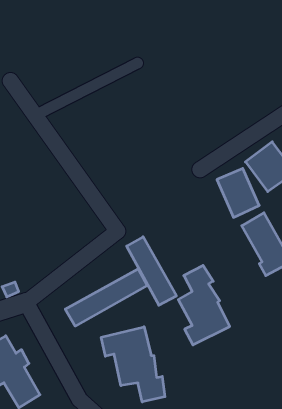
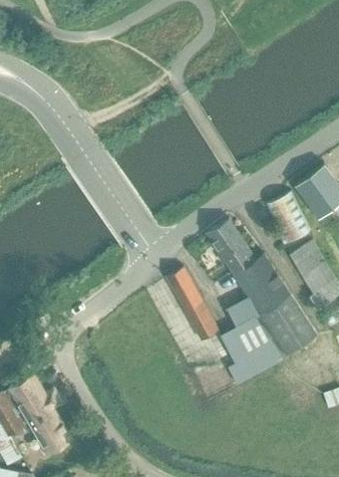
building: none -> [207,220,318,361]
building: [65,269,147,326] -> none
building: [101,327,165,402] -> none

